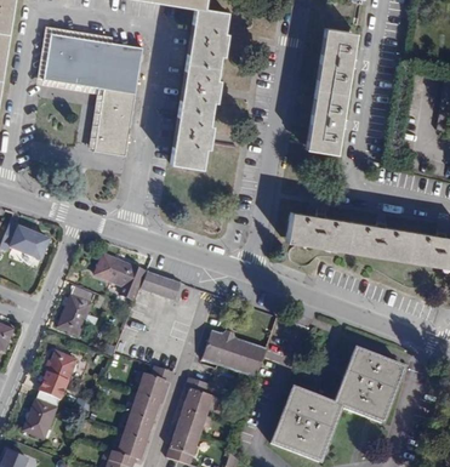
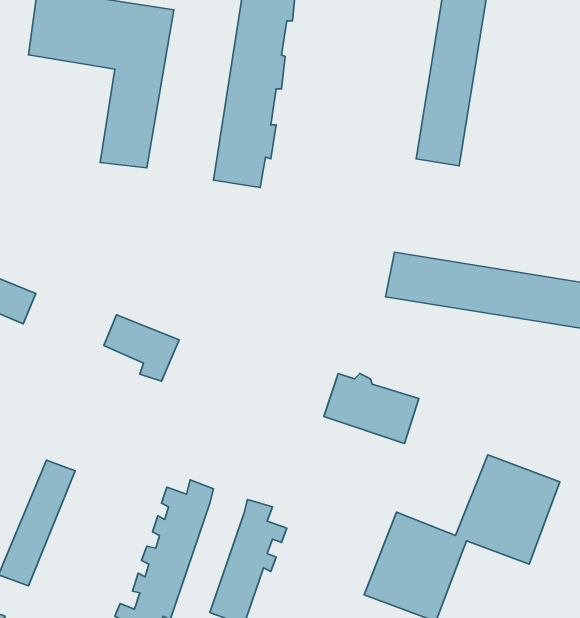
building: [142,272,182,302] -> none
building: [59,286,96,336] -> none
building: [203,331,267,378] -> [324,373,419,443]

